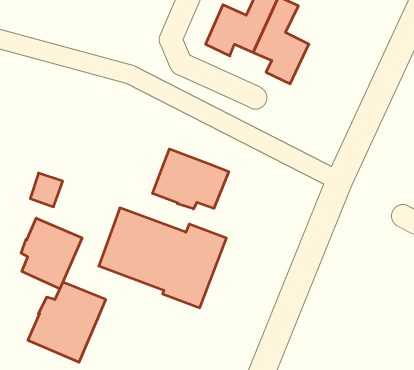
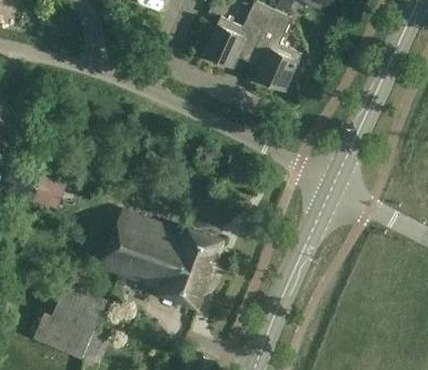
building: [153,149,229,209] -> none
building: [21,218,82,289] -> none

